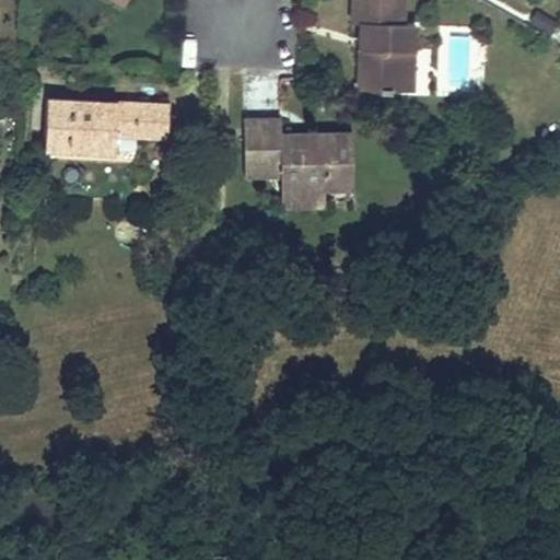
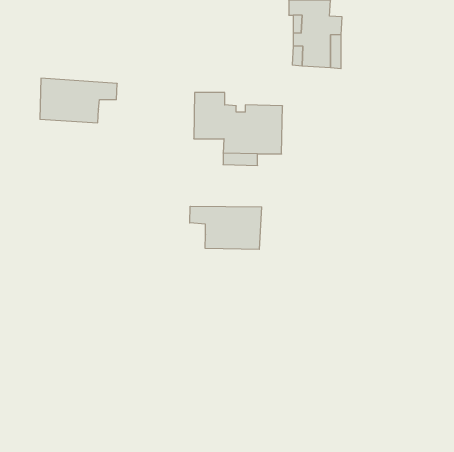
building: [121,106,173,141] -> none
building: none -> [190,206,262,249]

